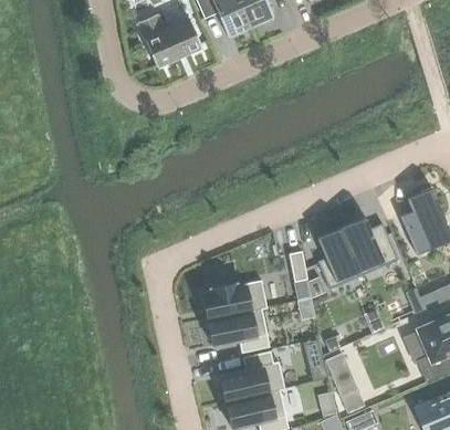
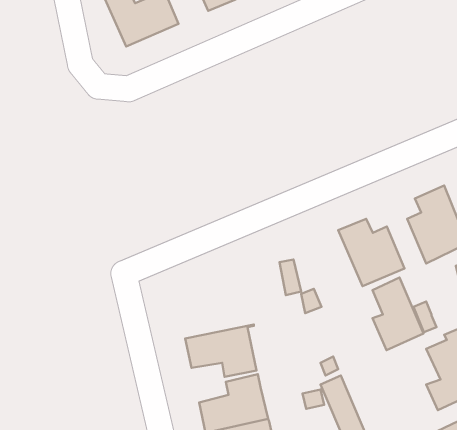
building: [316,226,360,289] -> [373,277,424,350]
building: [201,280,266,319] -> none

